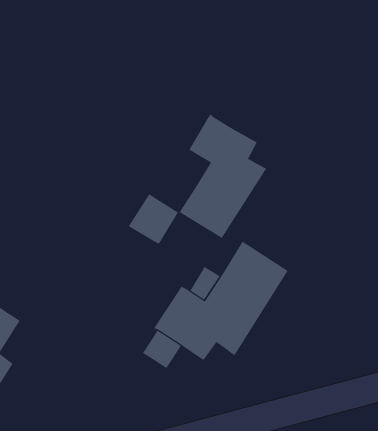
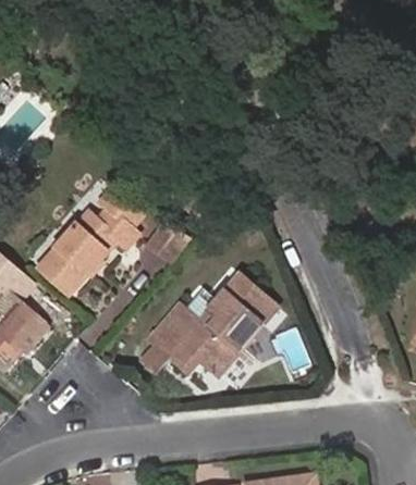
building: [179,114,267,239] -> none
building: none -> [39,189,145,294]

